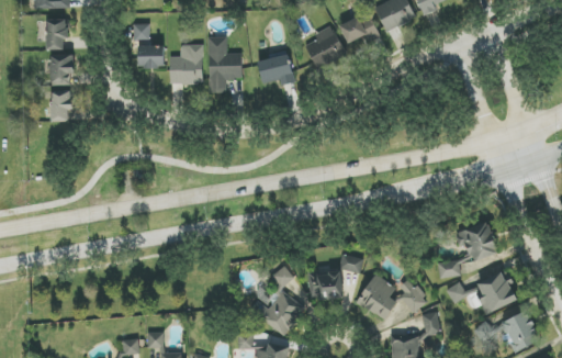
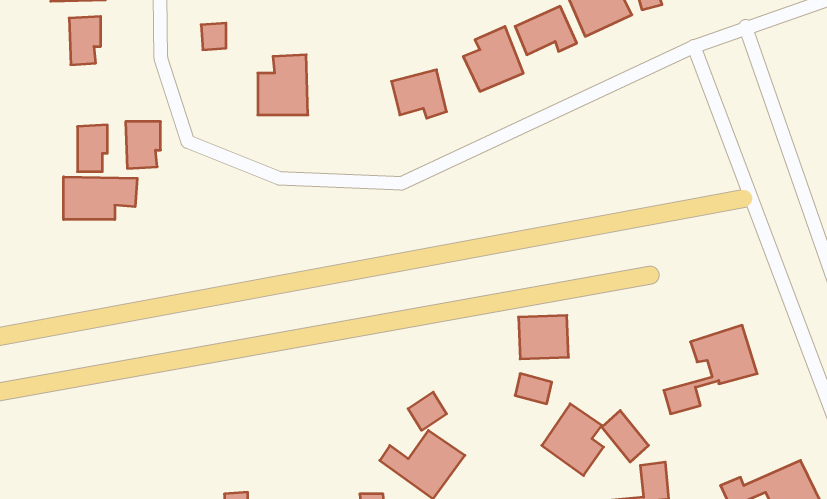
building: [207,37,243,93] -> none
building: [137,45,164,68] -> none
building: [50,55,74,86] -> [126,122,161,168]
building: none -> [64,177,137,220]
building: [308,271,341,300] -> [518,315,569,359]
building: [447,271,517,314] -> none

